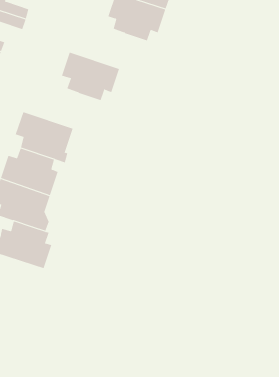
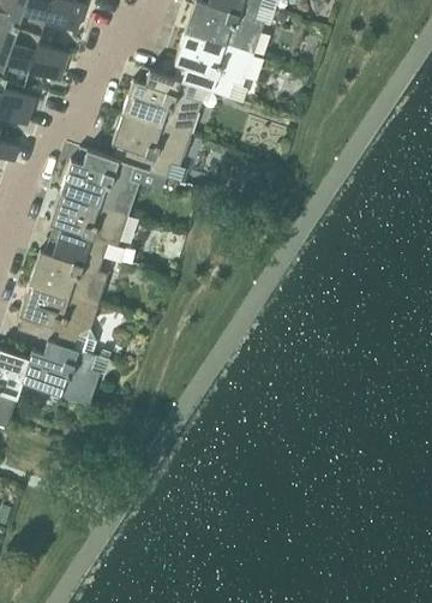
building: none -> [122,70,202,135]
building: none -> [60,150,139,215]

